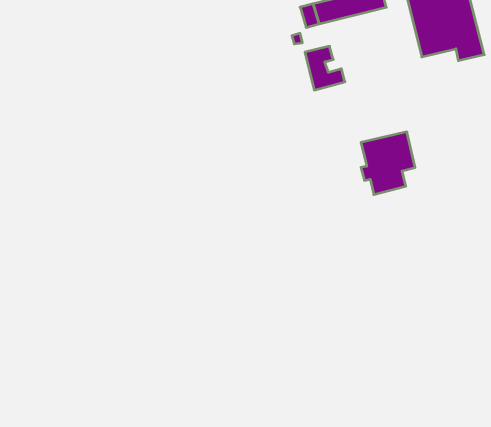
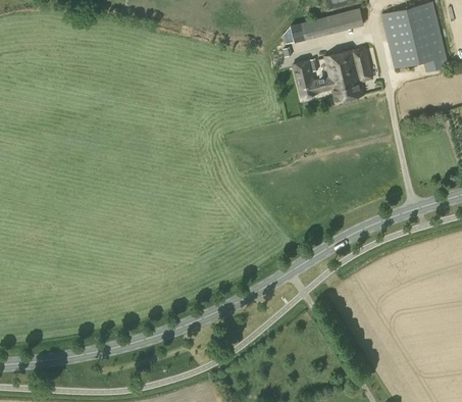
building: [361,132,415,195] -> [324,48,371,102]

